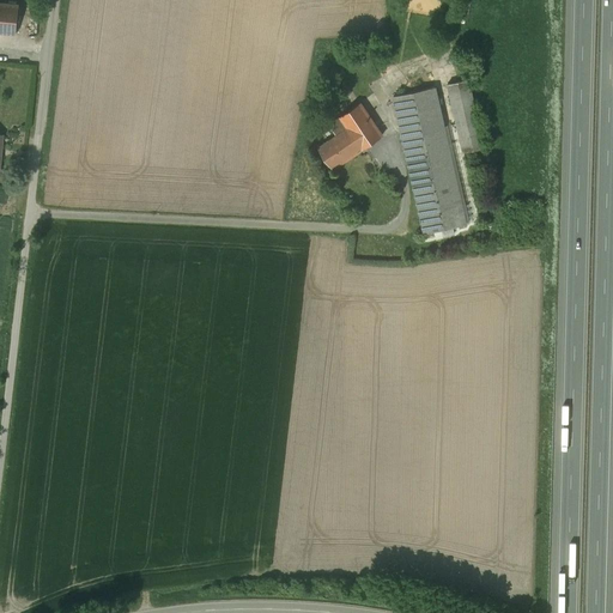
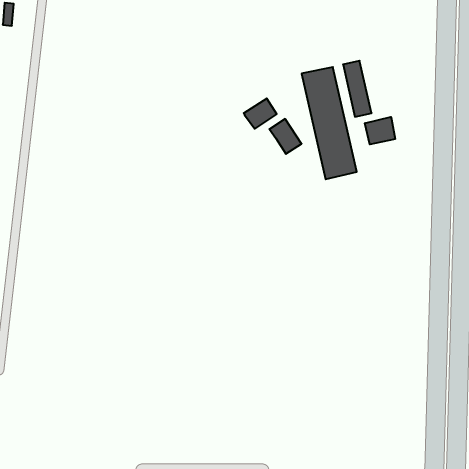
building: [339,104,381,150] -> [269,119,302,154]
building: none -> [365,117,395,144]

